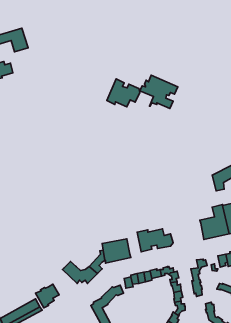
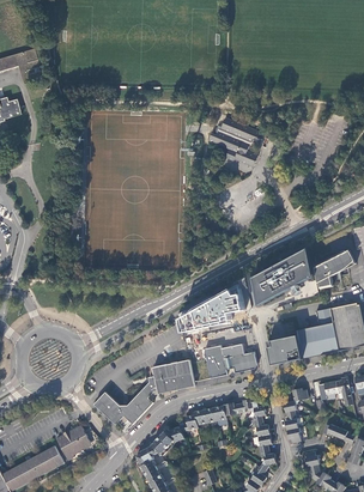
building: [107,79,140,107] -> none
building: none -> [247,250,308,308]
building: none -> [181,286,244,335]
building: none -> [266,335,302,365]

